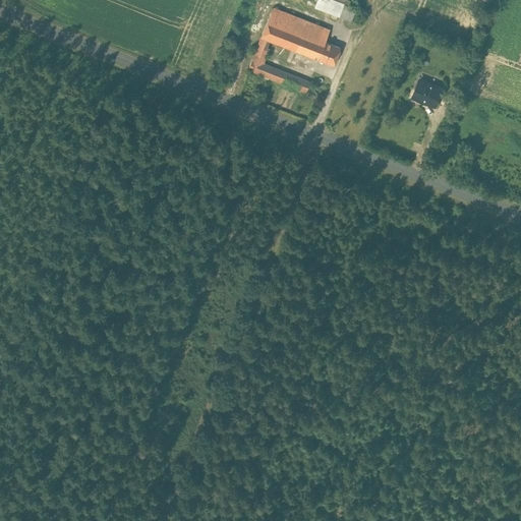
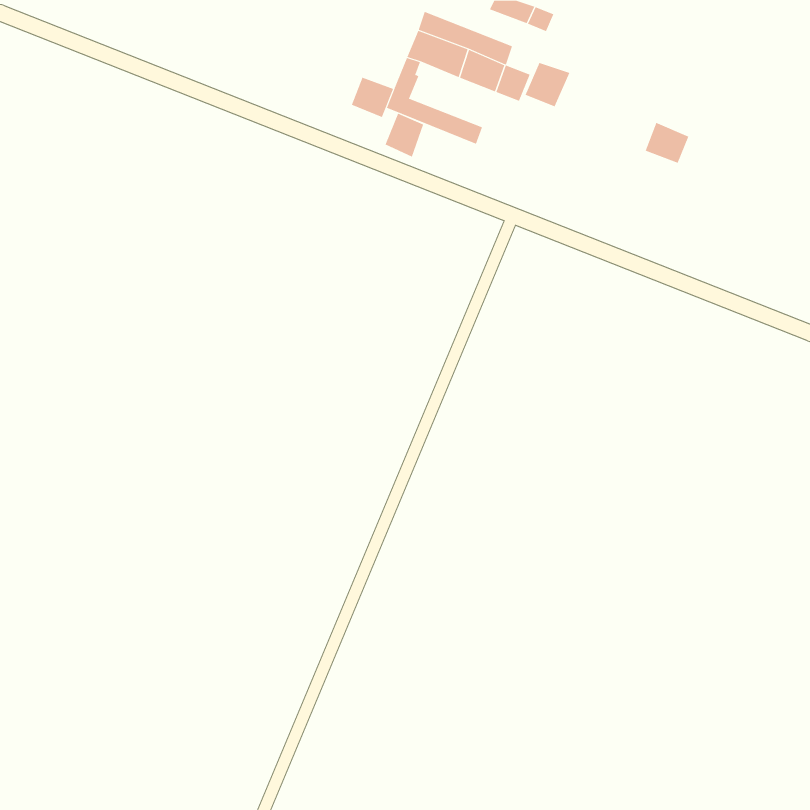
building: none -> [525,62,570,107]
building: none -> [351,77,394,118]
building: none -> [385,113,424,157]

